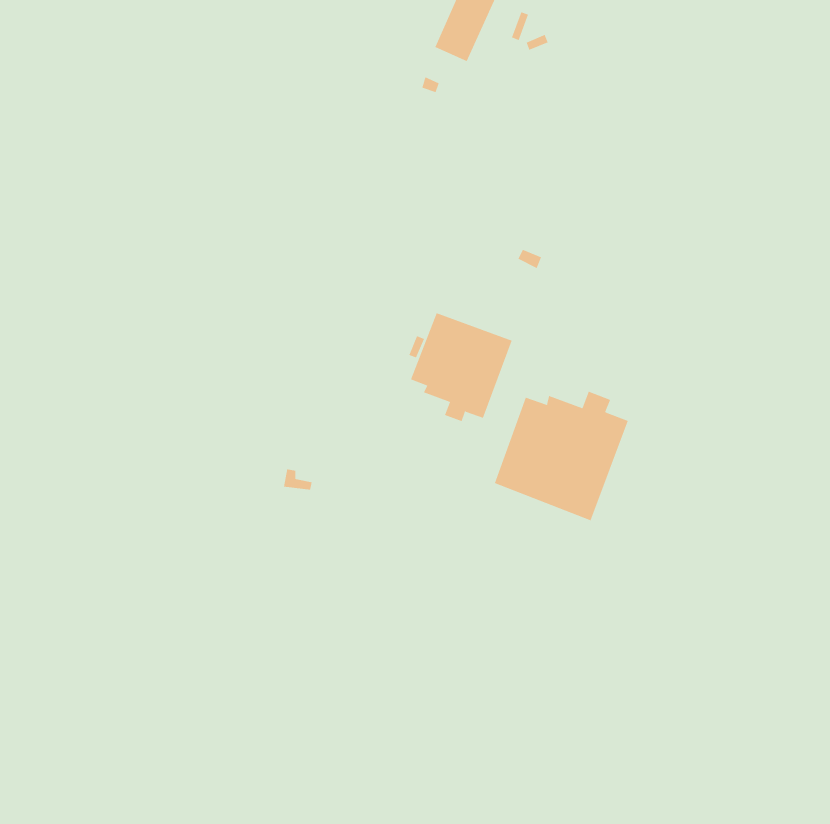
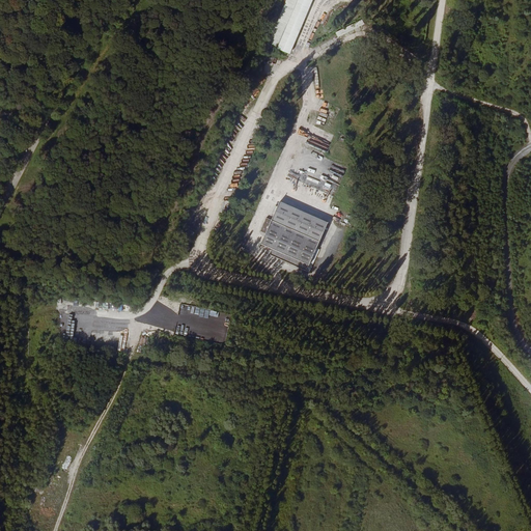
building: [494,391,628,521] -> none

